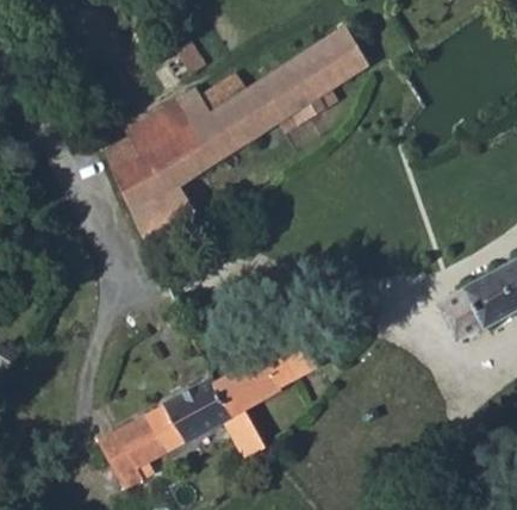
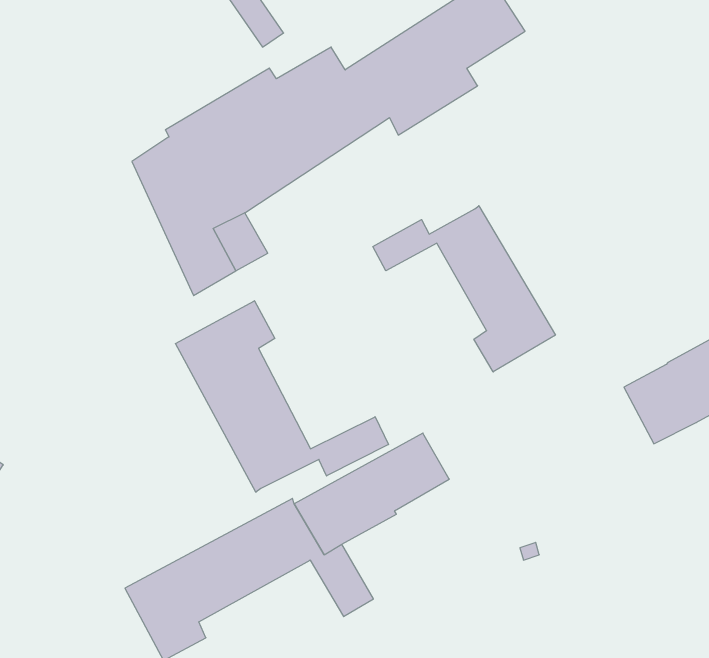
building: none -> [373,206,555,372]
building: none -> [175,301,388,492]

